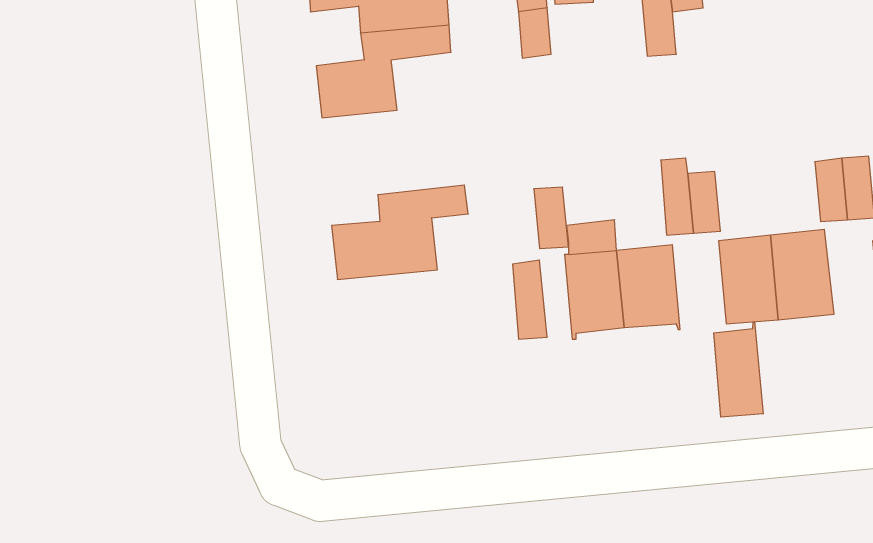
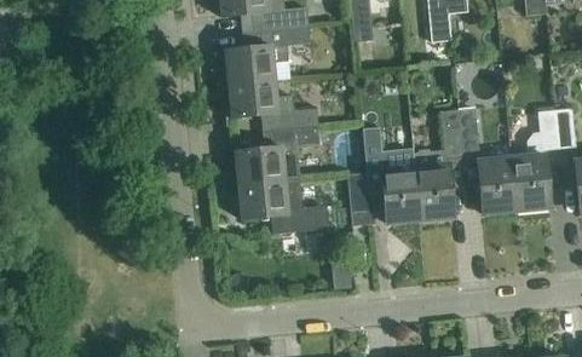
building: none -> [229,79,318,132]
building: none -> [238,179,329,234]
building: [714,322,763,417] -> none

